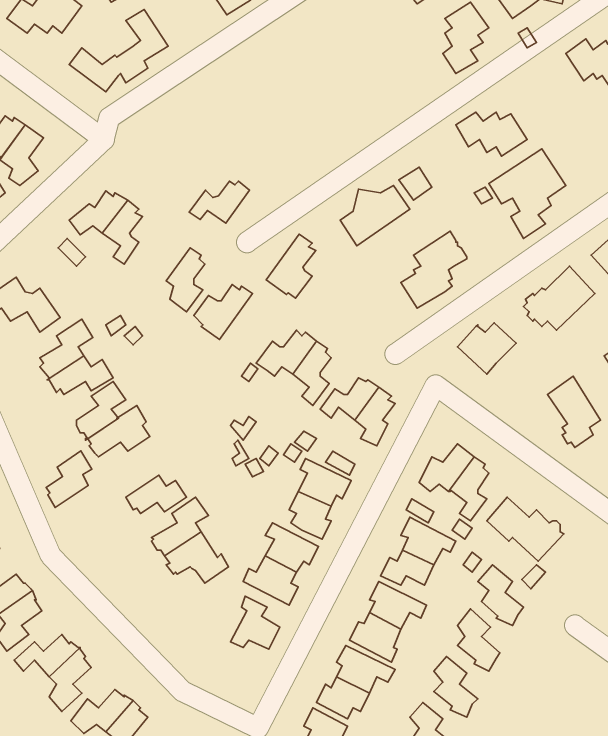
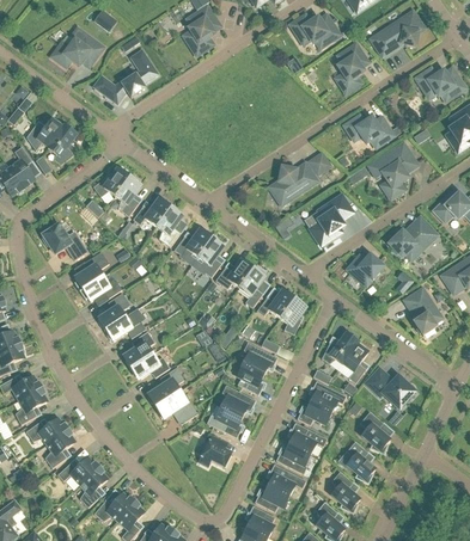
building: [189,181,250,223] -> [133,198,172,226]
building: [266,234,316,298] -> [191,234,224,276]
building: [46,451,92,508] -> [124,330,154,367]

